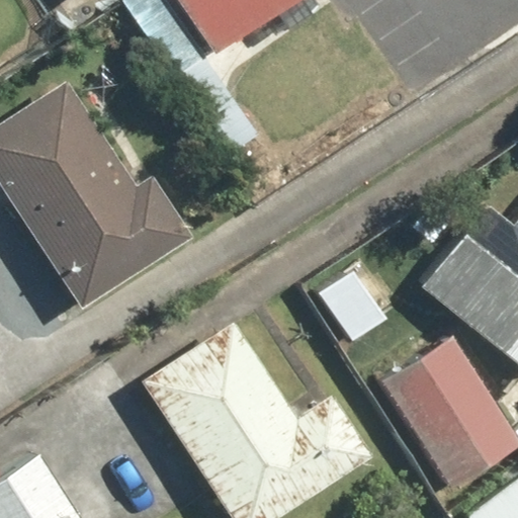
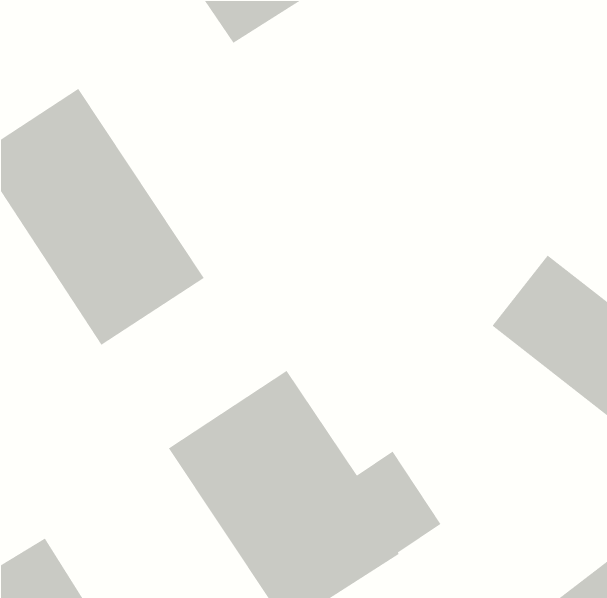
building: [382,341,509,479] -> none

